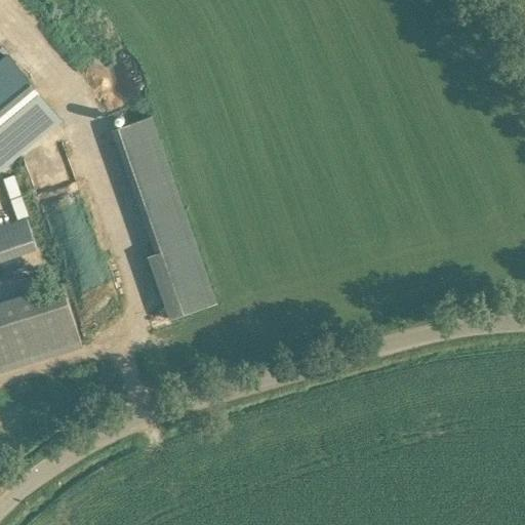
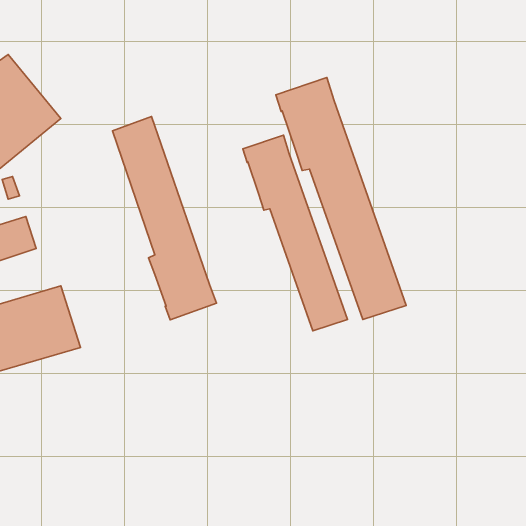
building: none -> [276,78,406,320]
building: none -> [243,135,348,331]

